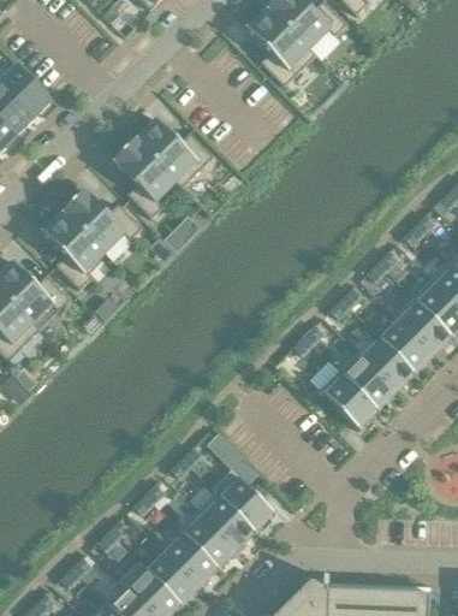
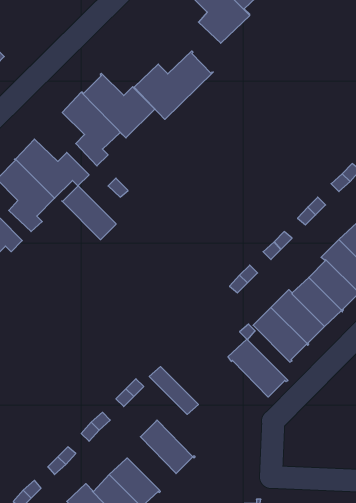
building: none -> [134,51,213,119]
building: none -> [62,186,116,240]
building: [210,469,275,532] -> [228,339,288,397]
building: [177,510,236,568] -> none

